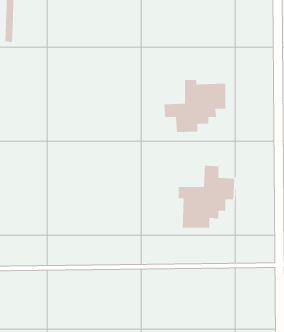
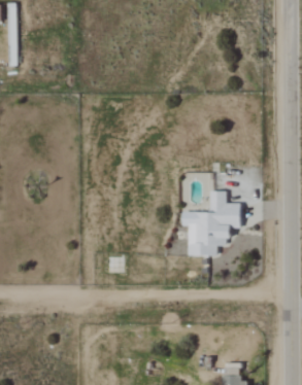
building: [163,79,226,133] -> none

